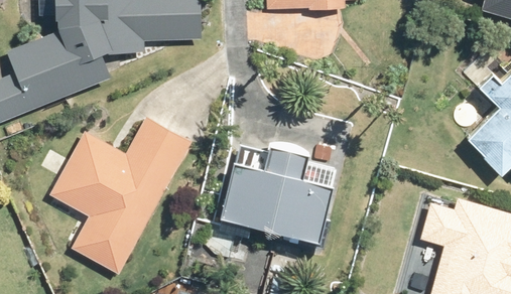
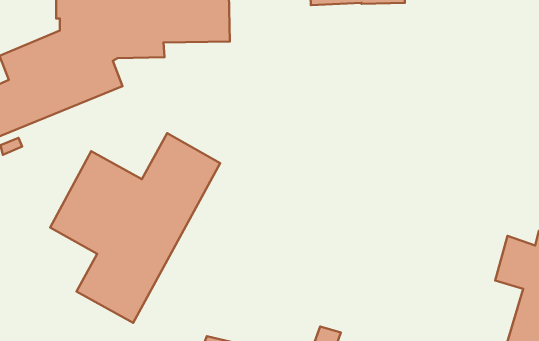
building: [219,145,333,245] -> none

